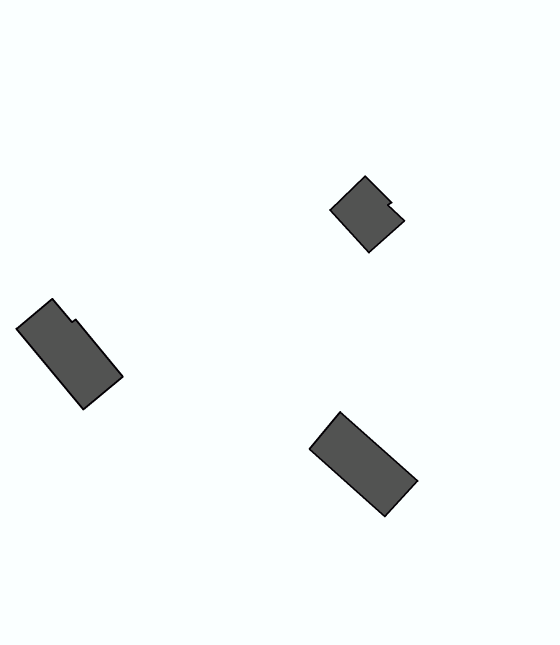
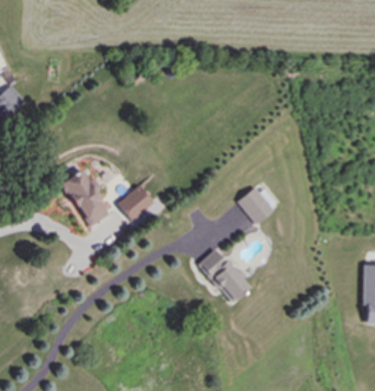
building: [330,176,404,253] -> [239,186,275,224]
building: none -> [118,185,155,221]

